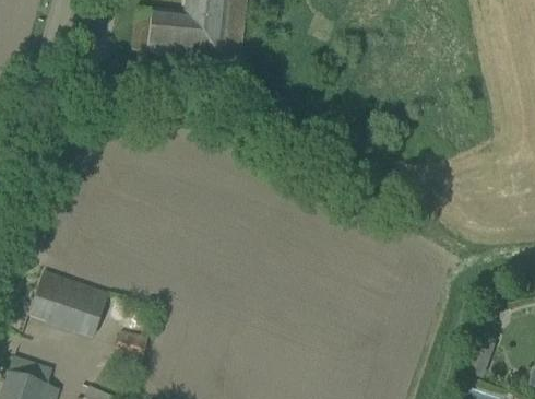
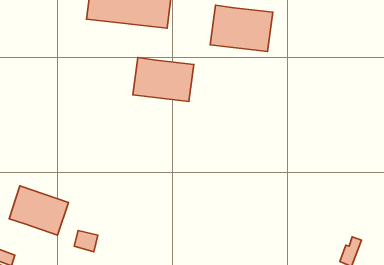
building: none -> [210,5,273,52]
building: none -> [133,58,194,102]

